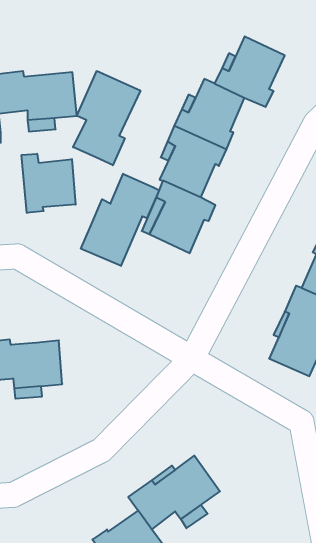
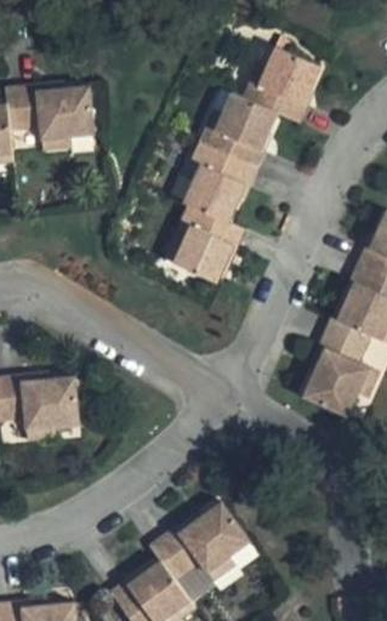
building: [73,71,140,165] -> none
building: [22,154,76,213] -> none
building: [81,174,159,266] -> none

